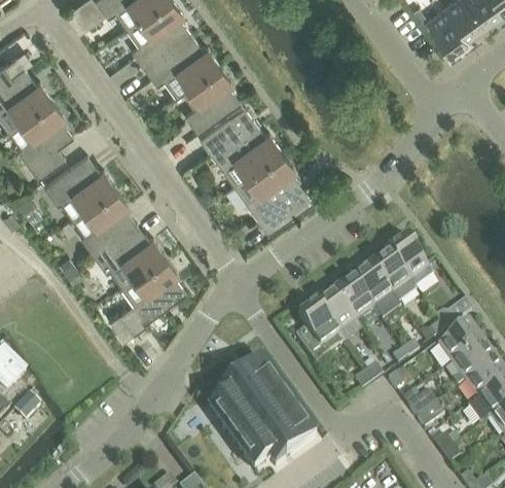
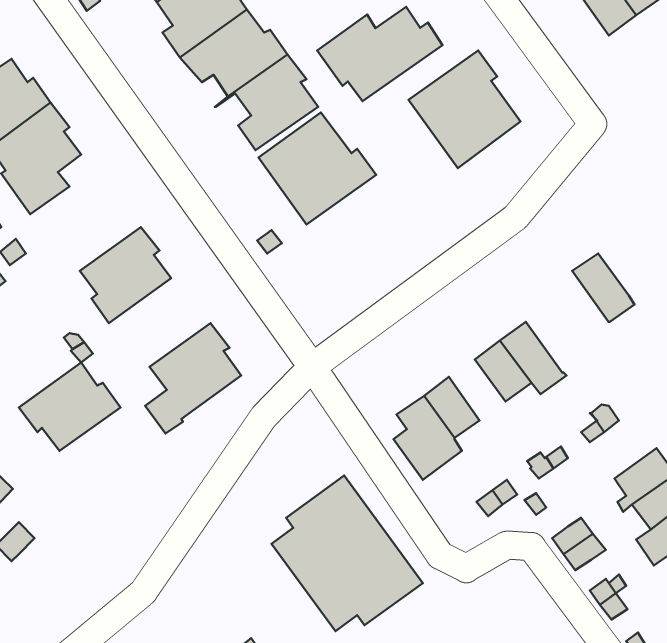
building: none -> [317,7,442,101]
building: [231,146,311,230] -> [408,50,520,168]
building: [42,151,114,214] -> none
building: [92,219,164,282] -> [19,362,120,451]
building: [387,238,431,286] -> [572,254,635,322]
building: [332,277,372,320] -> none
building: [436,321,479,361] -> none

